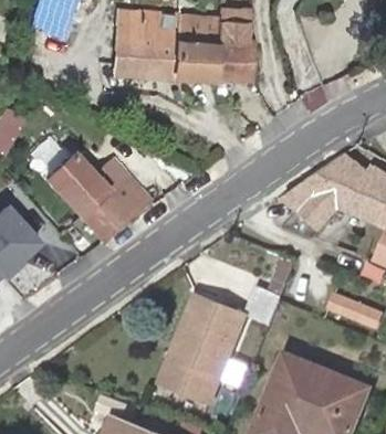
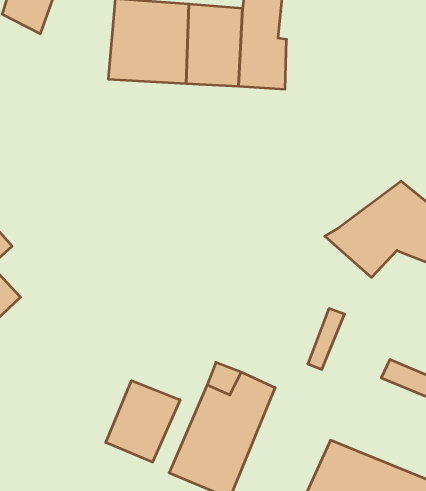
building: [53,157,149,240] -> none
building: none -> [106,381,180,462]

